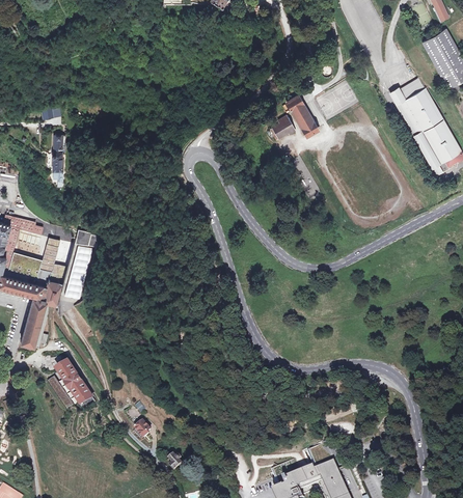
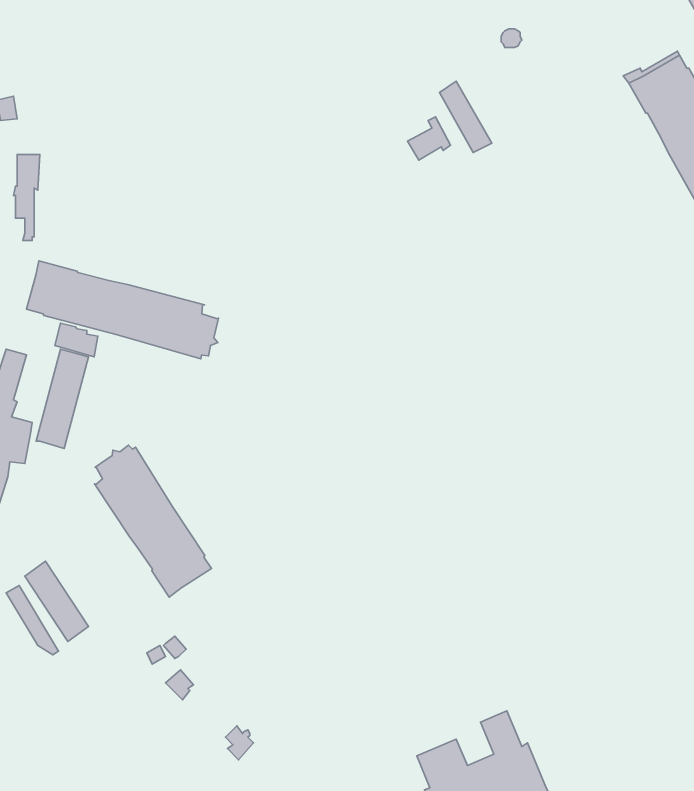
building: none -> [26,261,219,359]
building: none -> [94,445,211,597]

